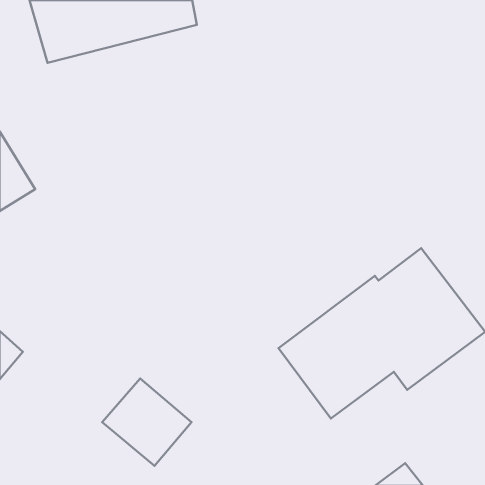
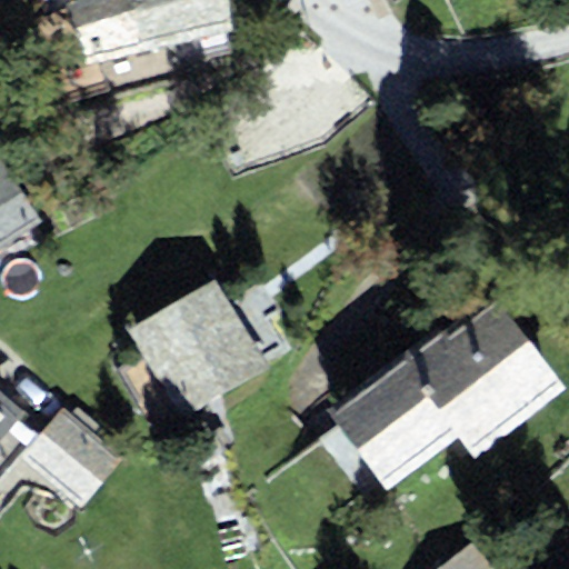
building: none -> [128,279,268,420]
building: [102,378,192,466] -> [19,408,123,510]

